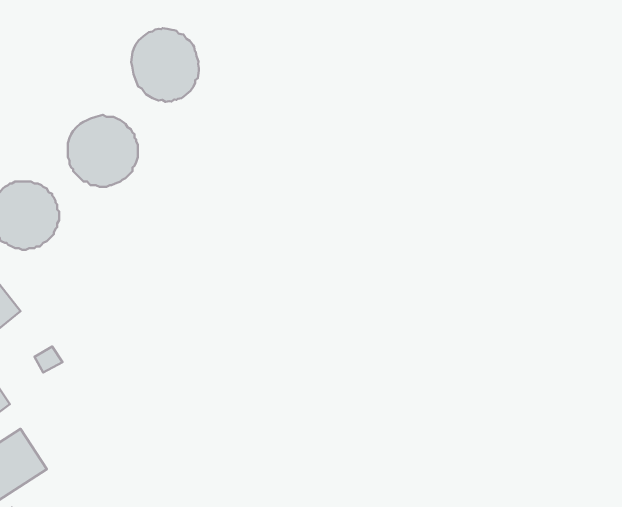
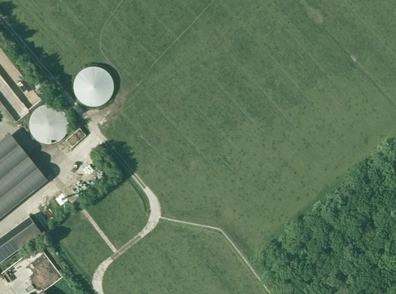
building: [131,28,199,102] -> none

